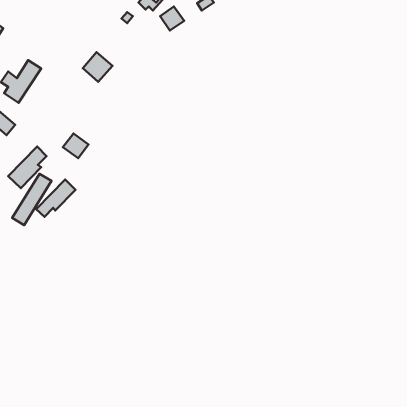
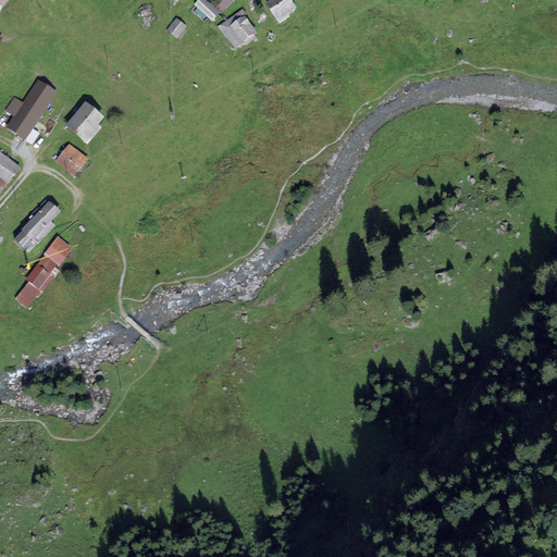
building: [83,52,113,82] -> [69,101,109,141]
building: [63,133,89,158] -> [53,144,88,177]
building: [36,179,75,217] -> none

